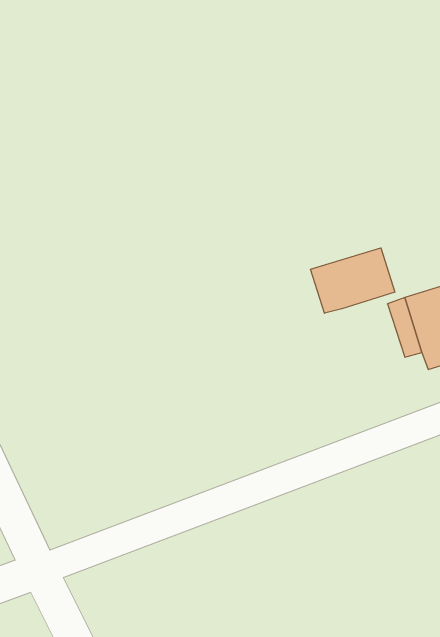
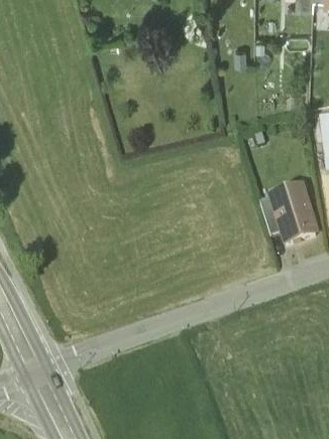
building: [311,248,395,313] -> none

